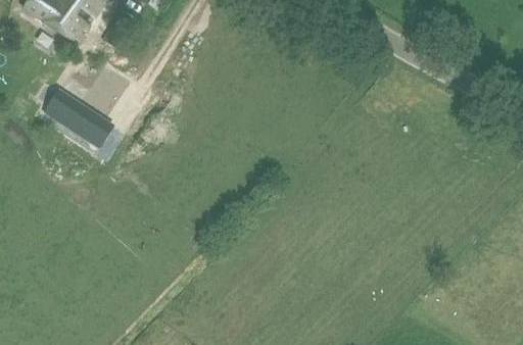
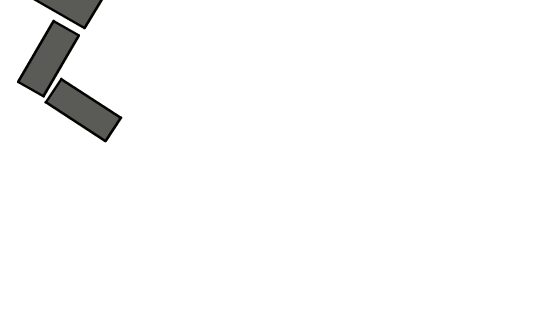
building: none -> [18,21,79,96]

